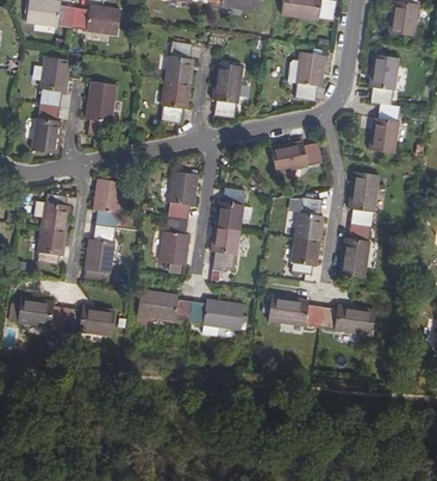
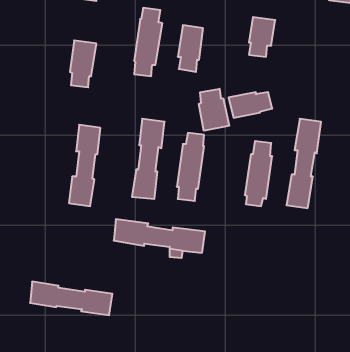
building: [370,55,400,152] -> none
building: [31,57,69,152] -> none
building: none -> [199,89,229,131]
building: [33,193,69,263] -> none
building: [269,294,375,336] -> none
building: [18,296,114,336] -> [30,282,112,315]

